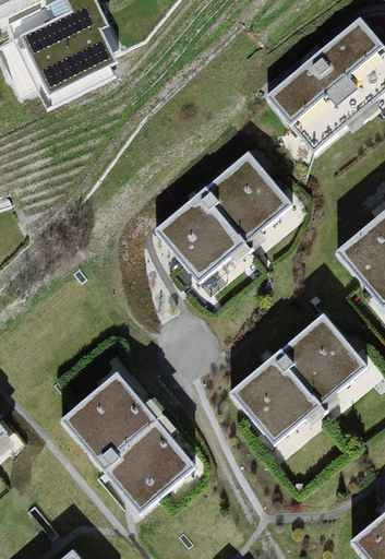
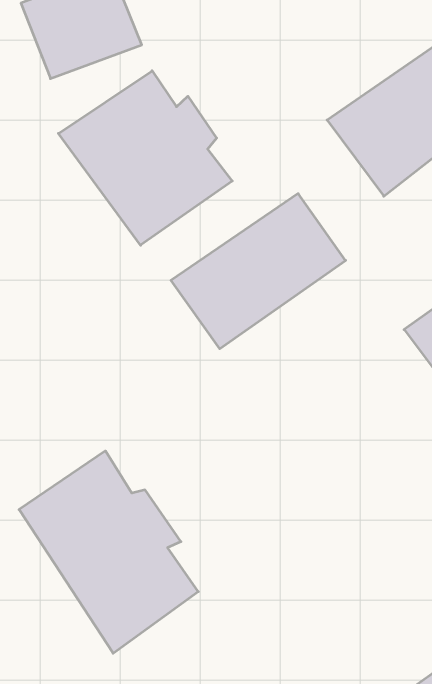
building: none -> [58,71,232,245]
building: [229,314,363,441] -> none

